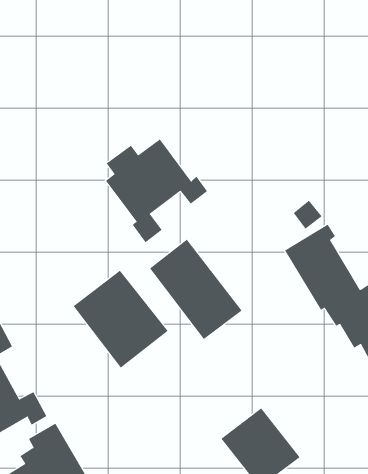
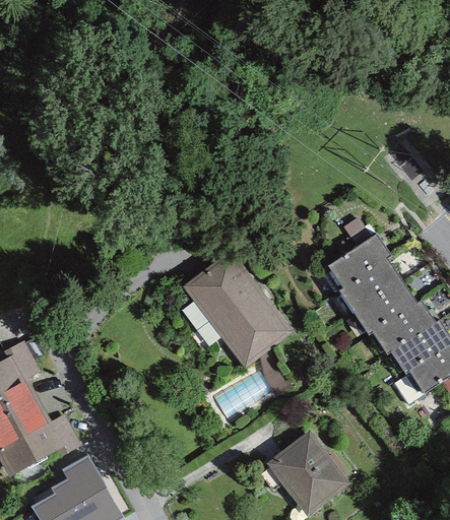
building: [105,139,208,243] -> none
building: [73,270,168,368] -> none

